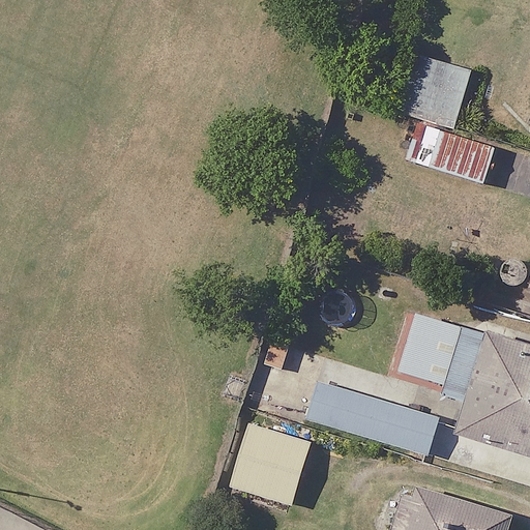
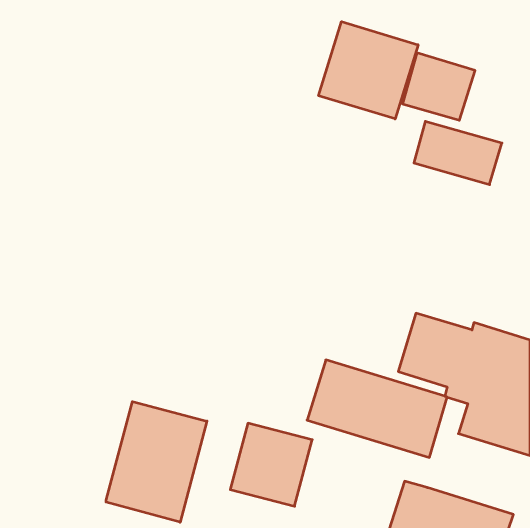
building: none -> [319,22,418,119]
building: none -> [106,402,207,522]

